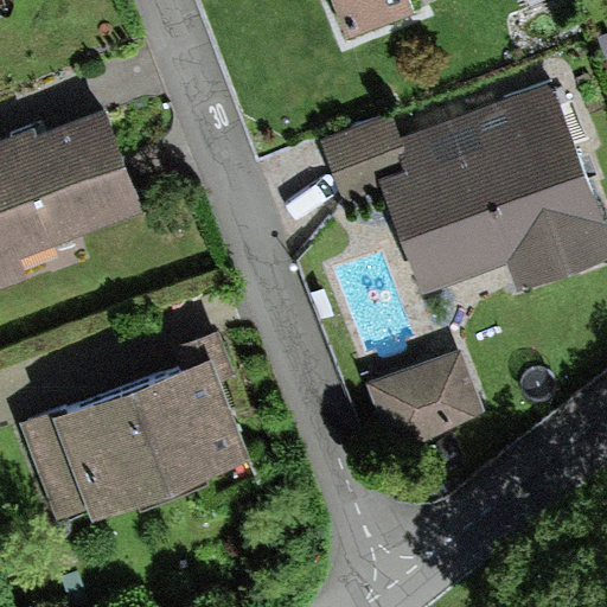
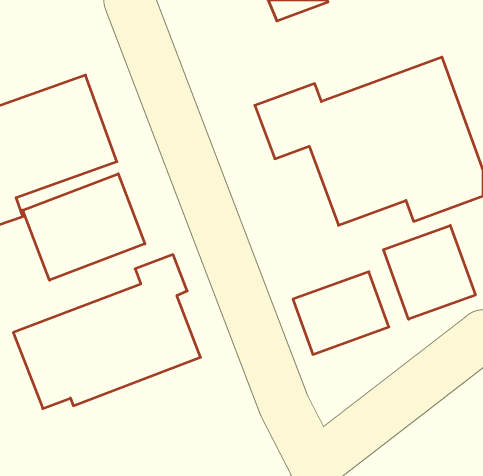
building: none -> [23,174,145,280]
building: none -> [383,225,475,319]

